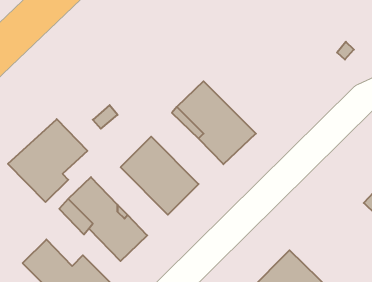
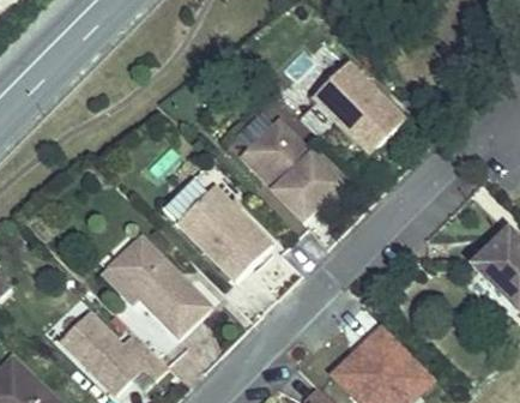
building: none -> [312,61,403,151]
building: [8,119,87,202] -> none

